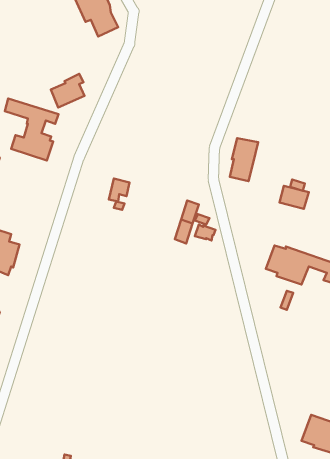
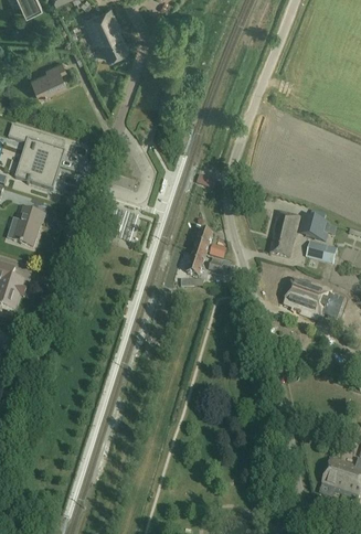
building: [51,74,84,107] -> [32,62,67,97]
building: [230,138,258,181] -> [269,211,299,256]
building: none -> [13,206,45,246]
building: none -> [305,241,336,263]

